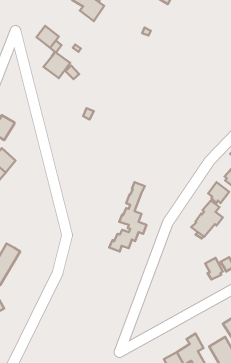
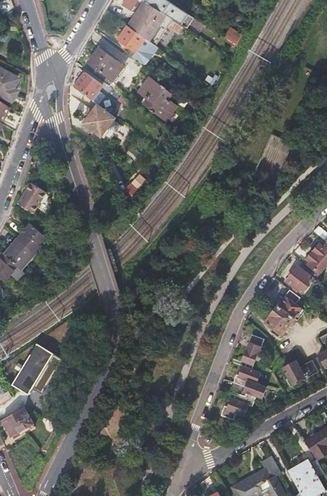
building: none -> [88,47,123,79]
building: none -> [138,77,177,119]
building: [109,182,146,252] -> [220,333,266,419]

